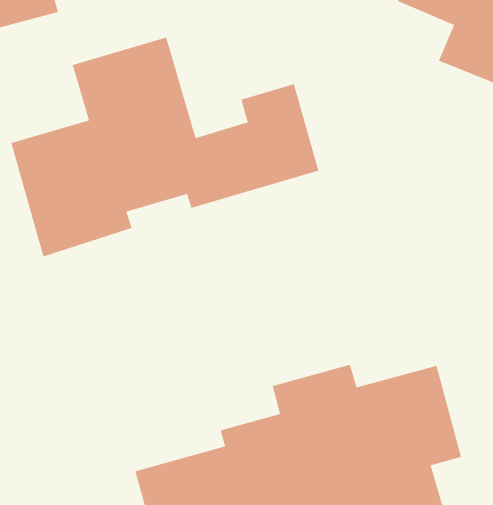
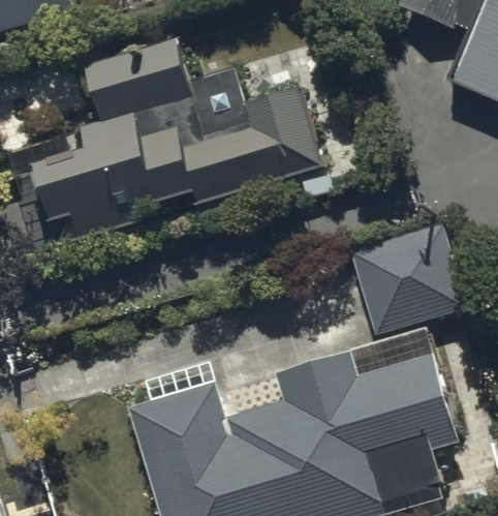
building: none -> [352,222,467,333]

